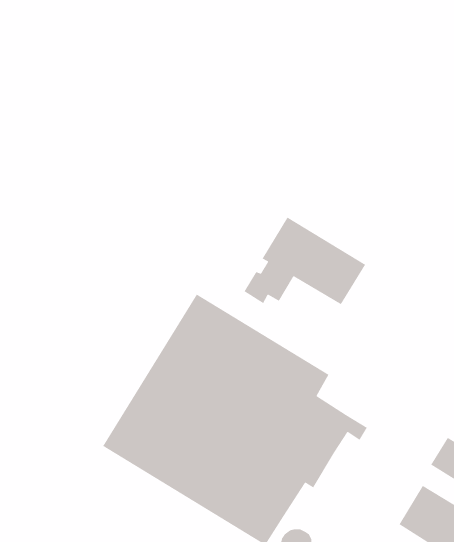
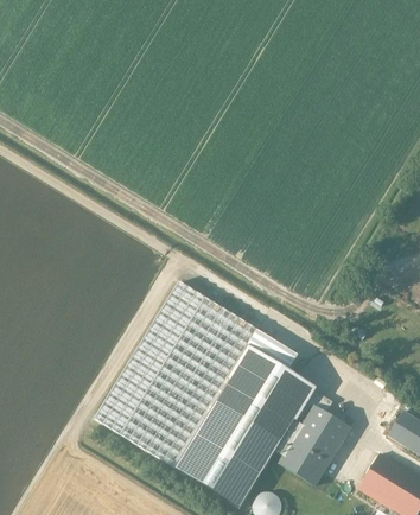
building: [243,216,366,305] -> none
building: none -> [278,405,350,484]

